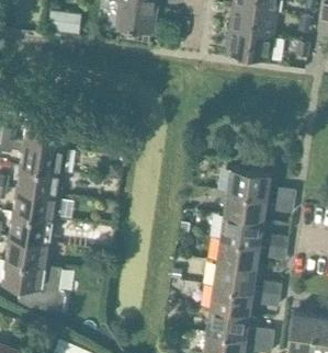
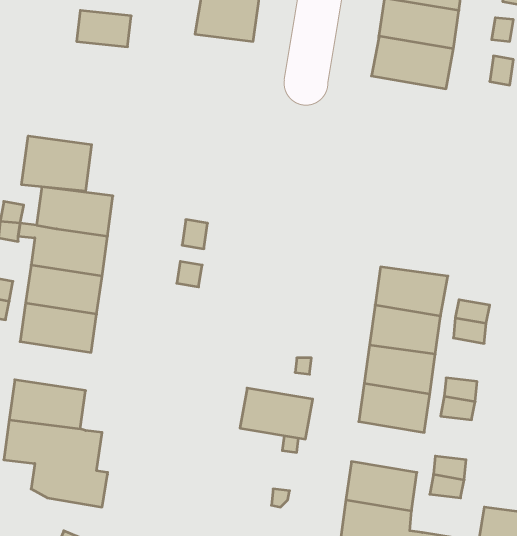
building: none -> [22,136,92,191]
building: [10,214,56,243] -> none
building: [213,262,257,293] -> [240,388,313,439]

